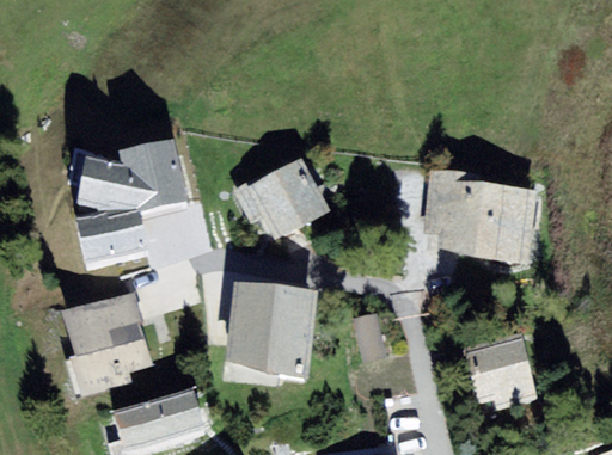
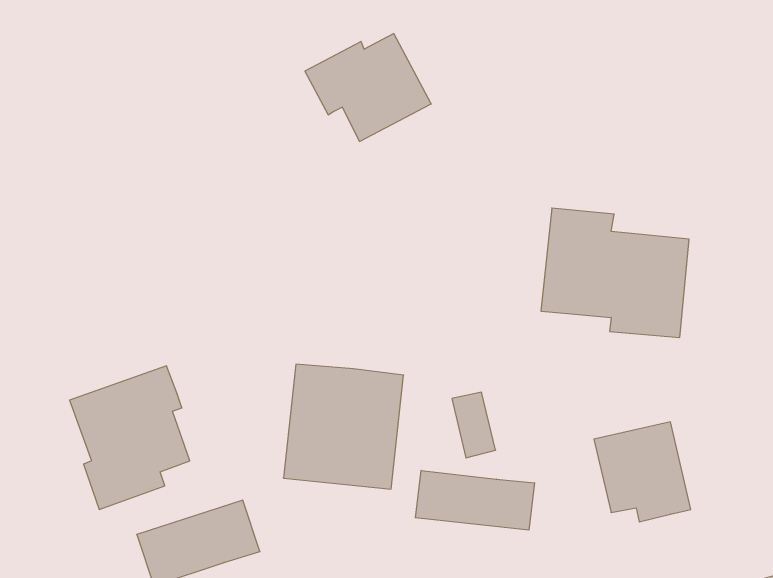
building: [74,135,190,271] -> none
building: [232,158,329,240] -> [305,34,431,141]
building: none -> [415,470,534,530]

